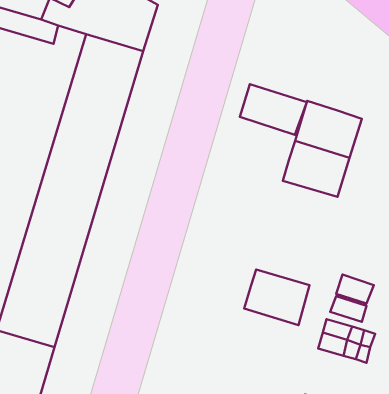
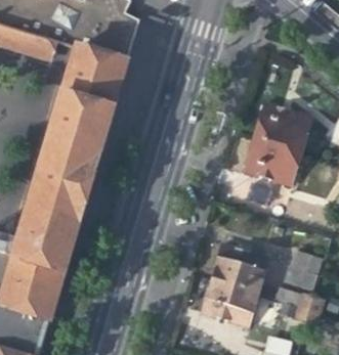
building: [240,84,307,135] -> none
building: none -> [200,278,256,325]

